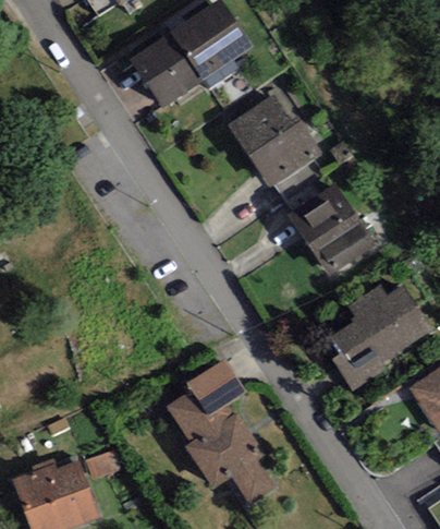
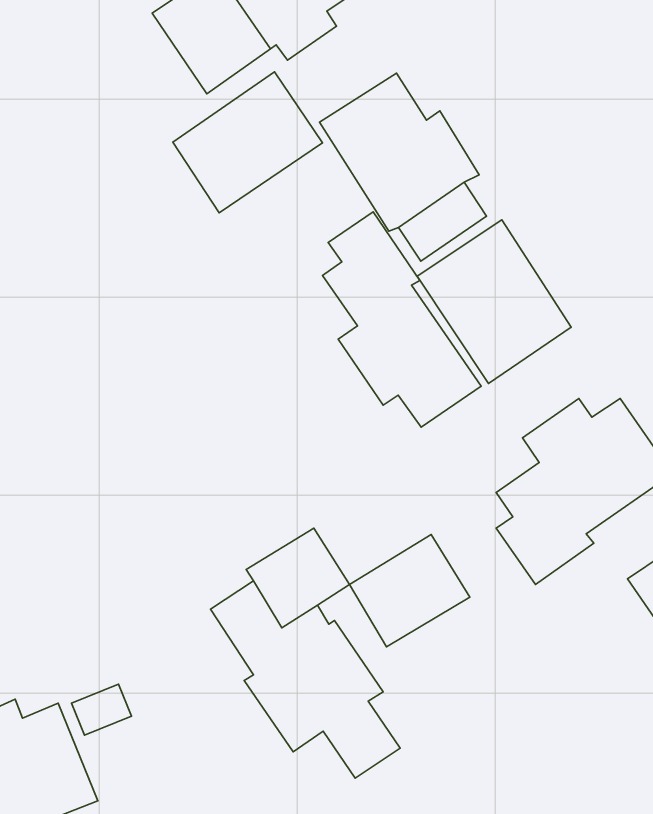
building: none -> [173,72,322,213]
building: none -> [323,212,481,427]
building: none -> [349,534,470,647]

